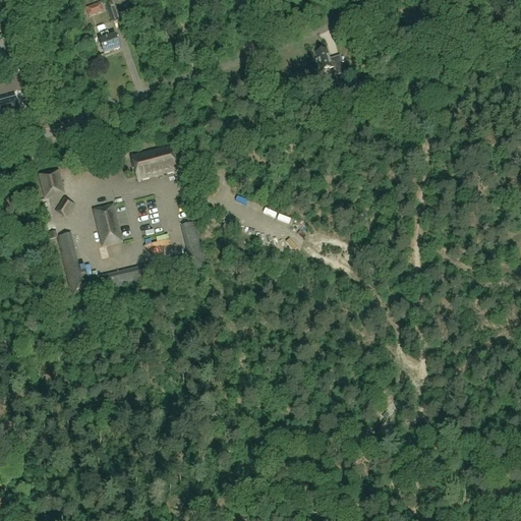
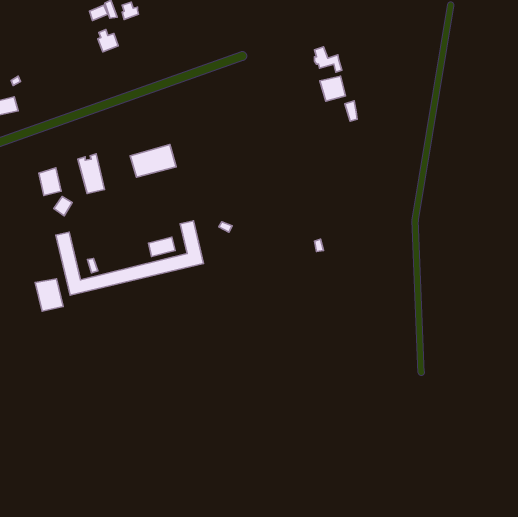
building: none -> [320,76,346,101]
building: [93,204,119,243] -> [78,154,104,194]
building: none -> [35,279,63,311]

